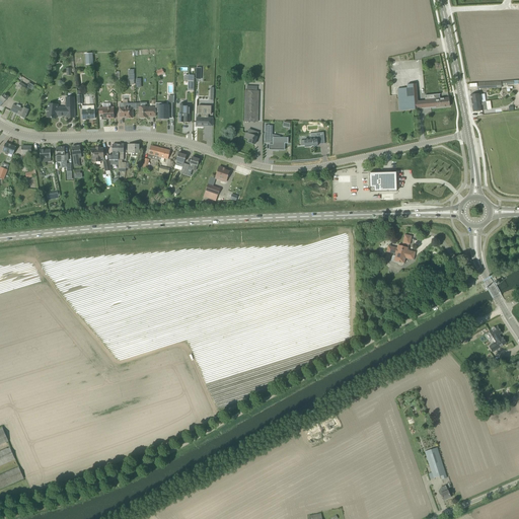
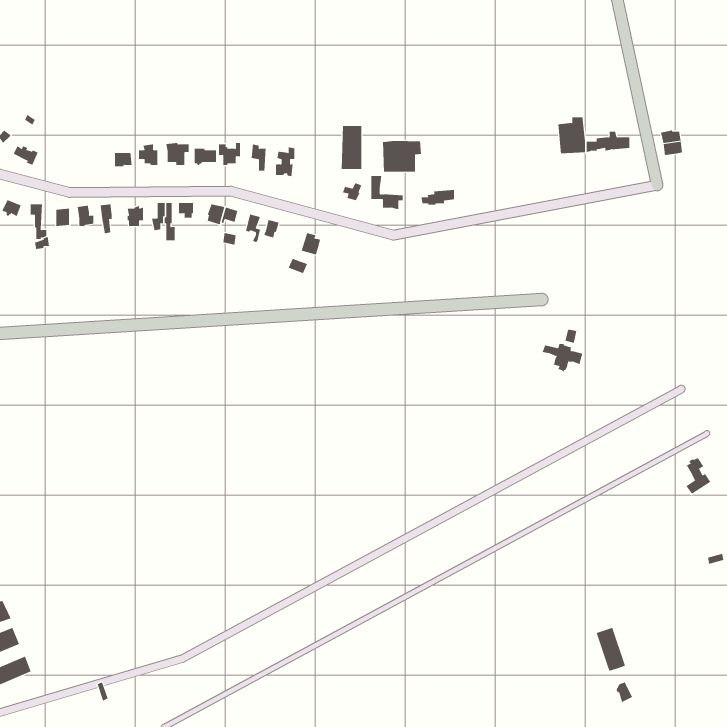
building: [46,96,74,118] -> none
building: none -> [382,140,422,172]
building: [368,171,396,191] -> none

